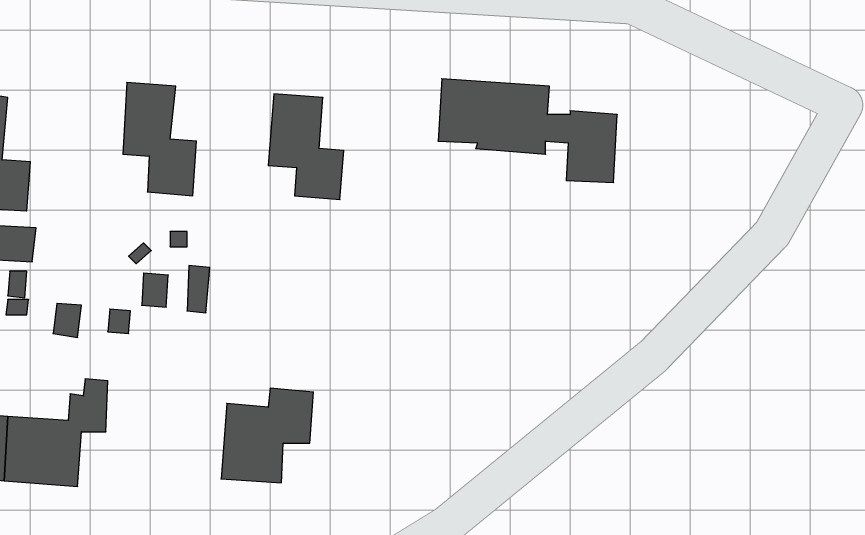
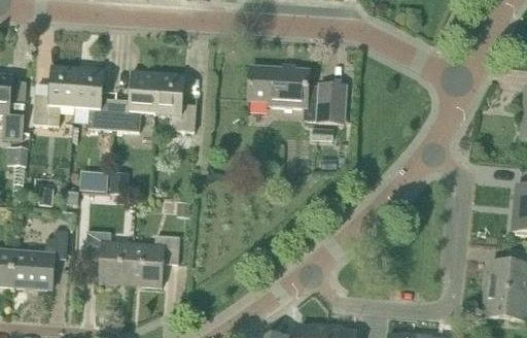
building: none -> [32,65,77,125]
building: none -> [113,71,157,131]
building: none -> [84,229,132,283]

